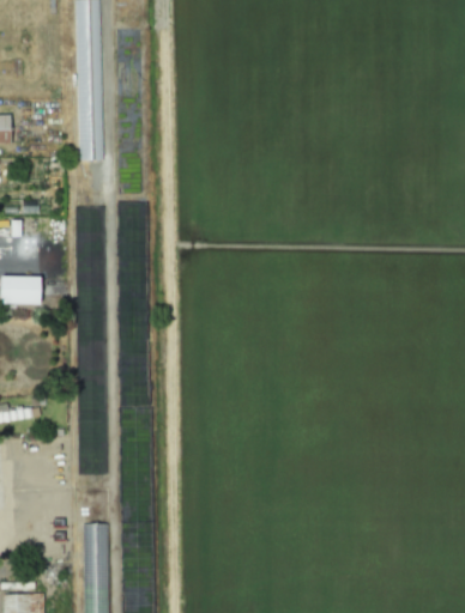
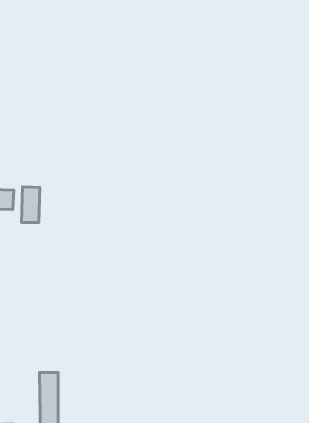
building: none -> [21,187,40,223]

